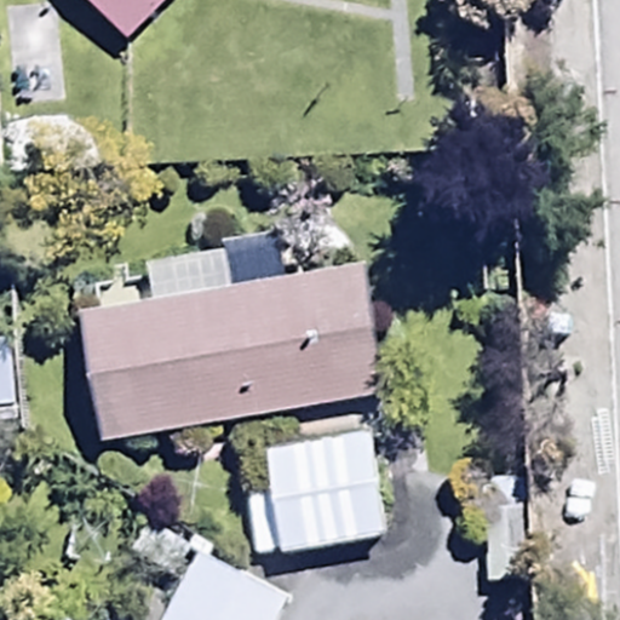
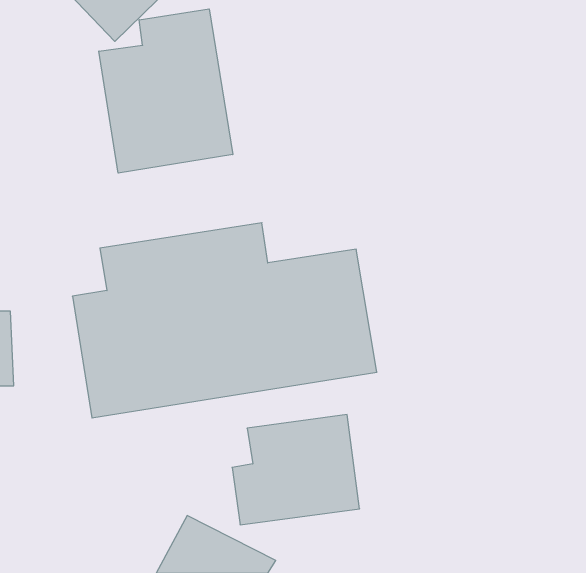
building: none -> [99,9,233,173]

